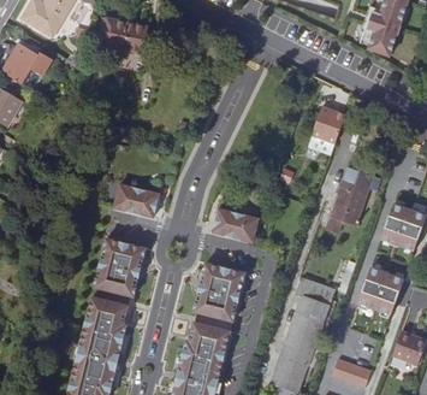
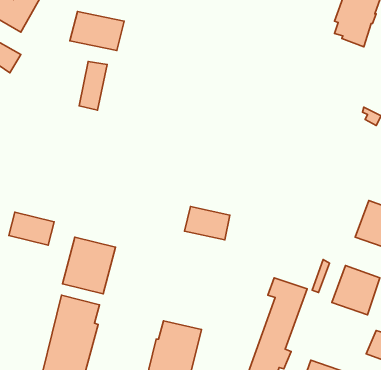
building: none -> [79,62,107,110]
building: [312,104,344,141] -> none
building: [331,153,375,224] -> none
building: [115,184,160,217] -> [9,212,54,245]
building: [196,264,247,318] -> none

